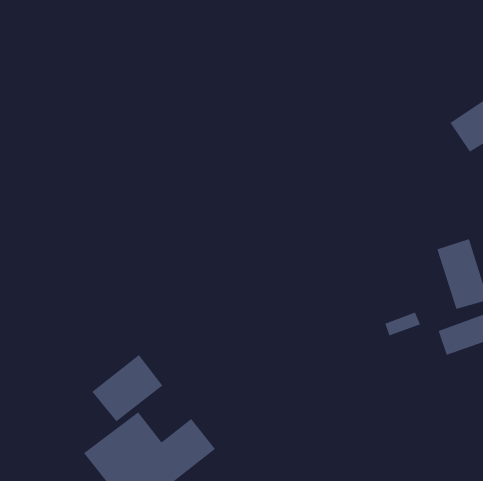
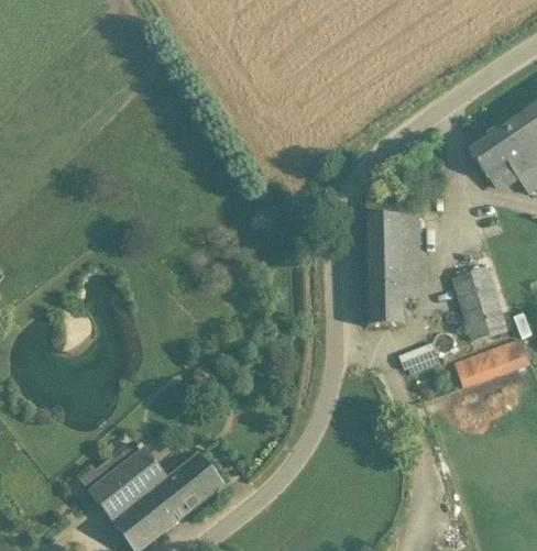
building: none -> [365,199,420,326]
building: [92,354,163,422] -> none

